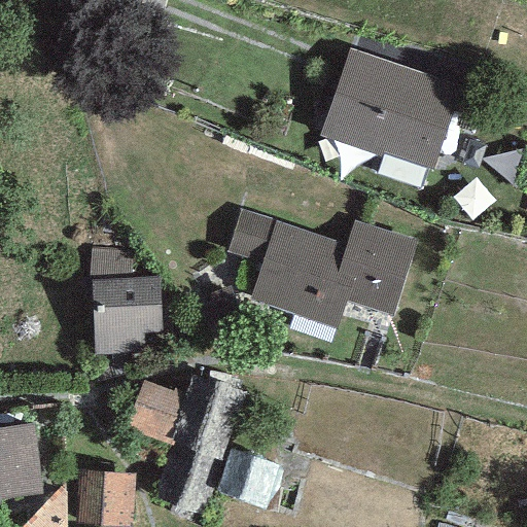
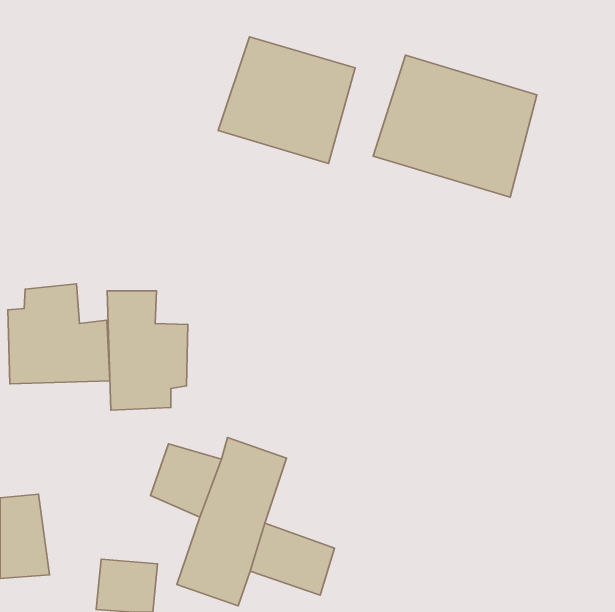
building: none -> [218,37,355,164]
building: [229,209,417,328] -> none
building: none -> [8,284,110,384]

